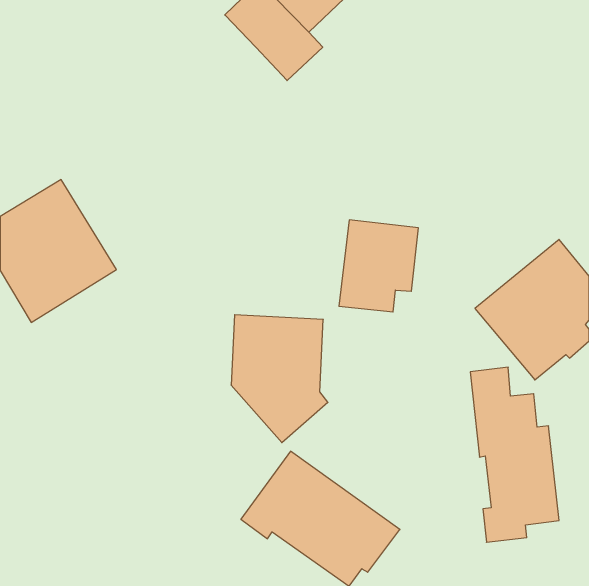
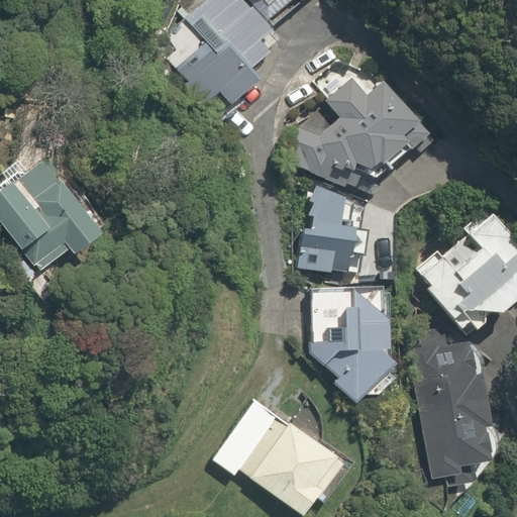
building: none -> [151,18,261,107]
building: none -> [292,73,429,196]
building: [231,315,328,443] -> [308,289,393,401]

